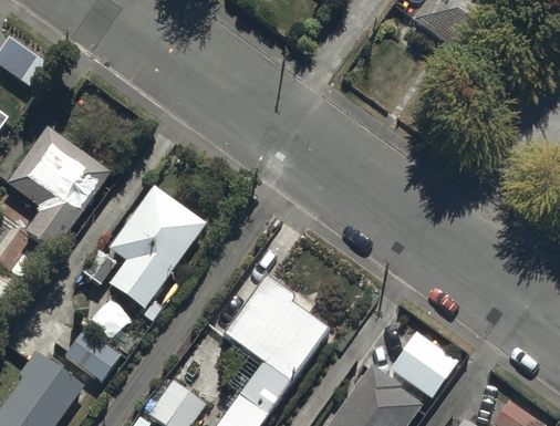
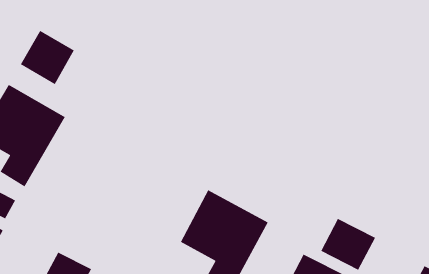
building: none -> [20,30,75,85]
building: [98,186,205,323] -> none

